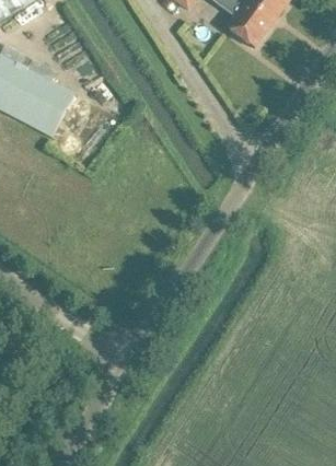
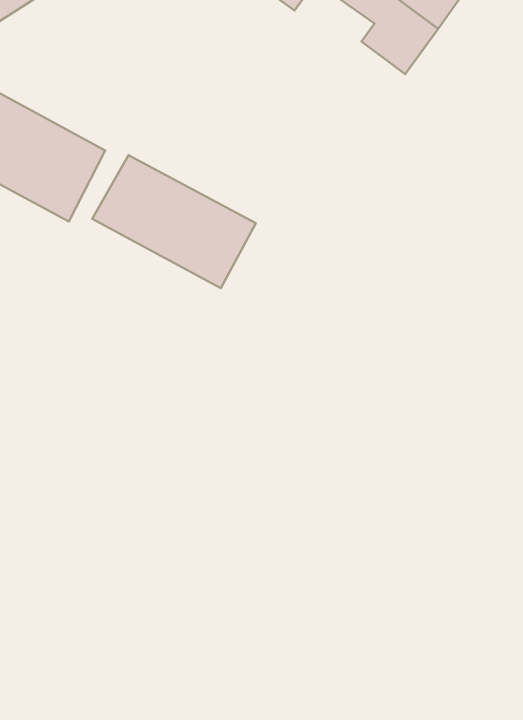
building: none -> [92,155,256,288]

